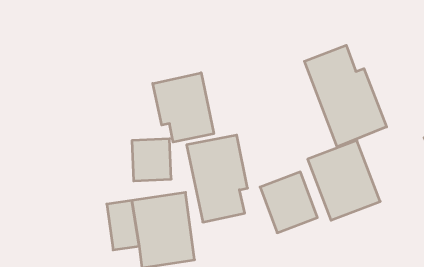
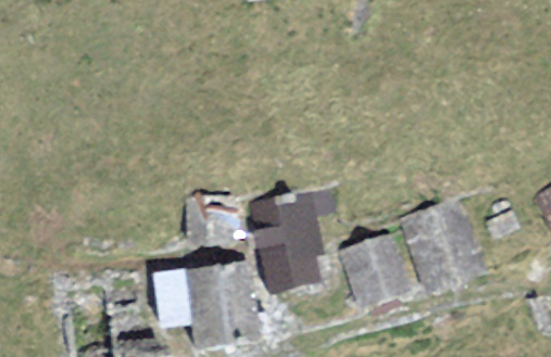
building: [304,45,387,147] -> none
building: [153,73,214,142] -> none

